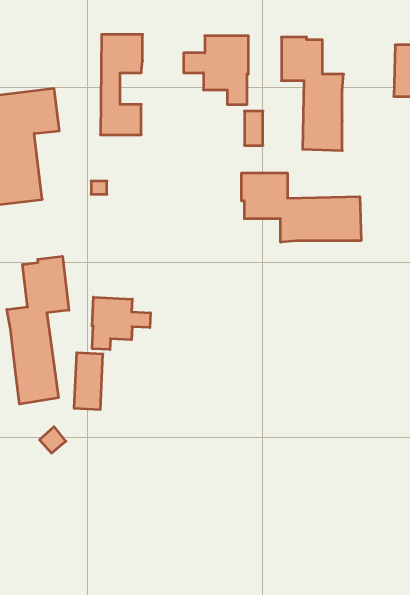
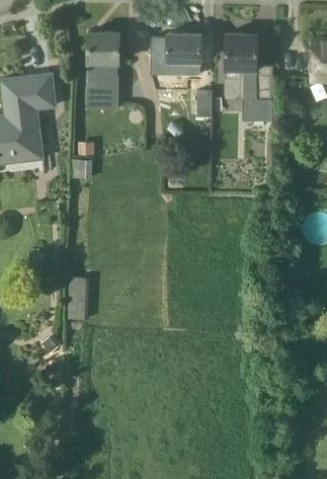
building: [242,173,361,242] -> none
building: [7,256,69,404] -> none
building: [92,297,150,350] -> none

